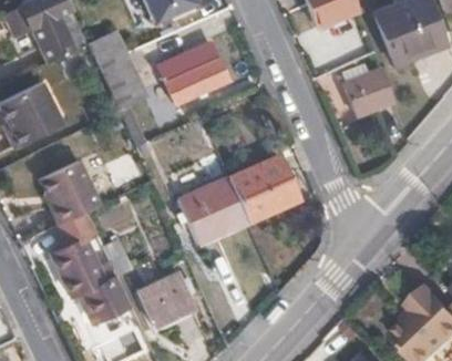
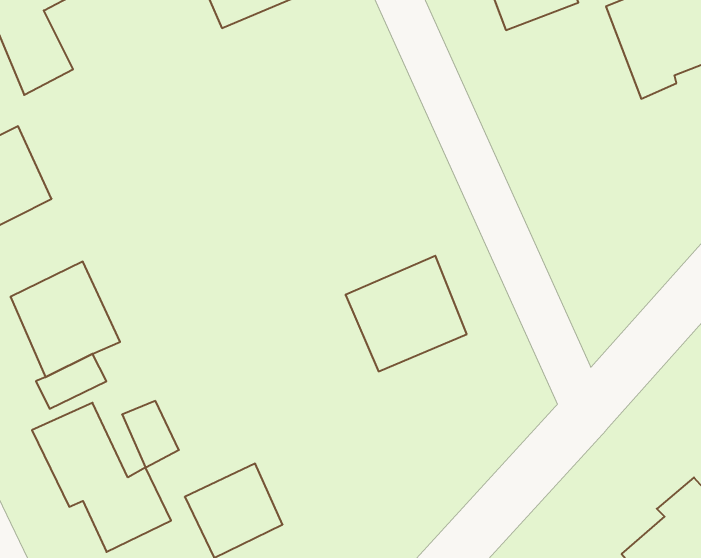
building: [86,30,146,147] -> none
building: [156,40,226,103] -> none
building: [343,71,393,116] -> none
building: [178,177,246,243] -> none

